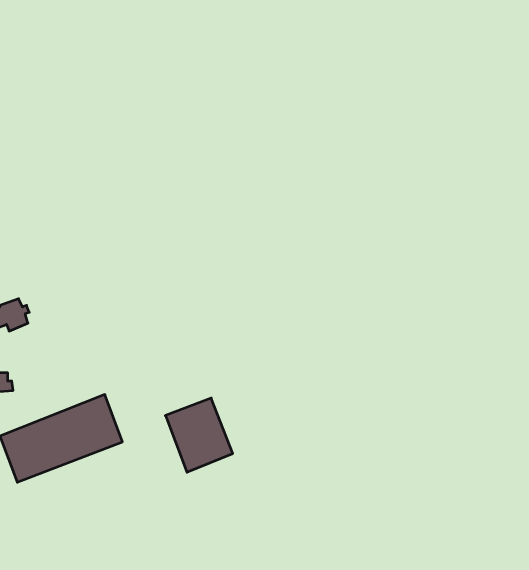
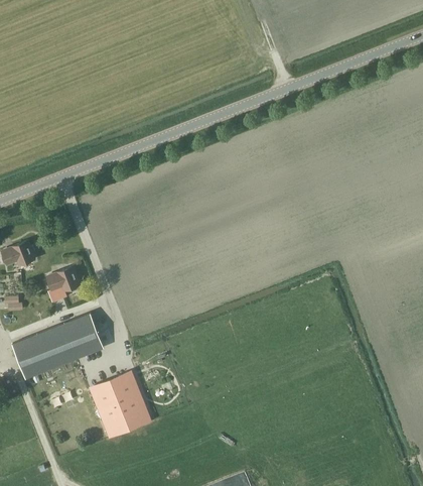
building: none -> [45,267,79,291]
building: [165,398,233,472] -> [93,375,143,431]

